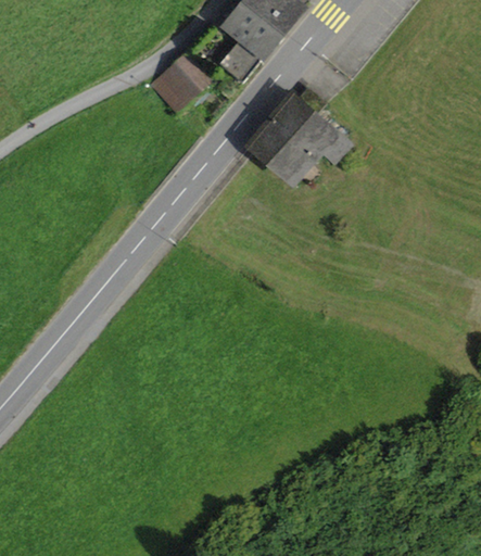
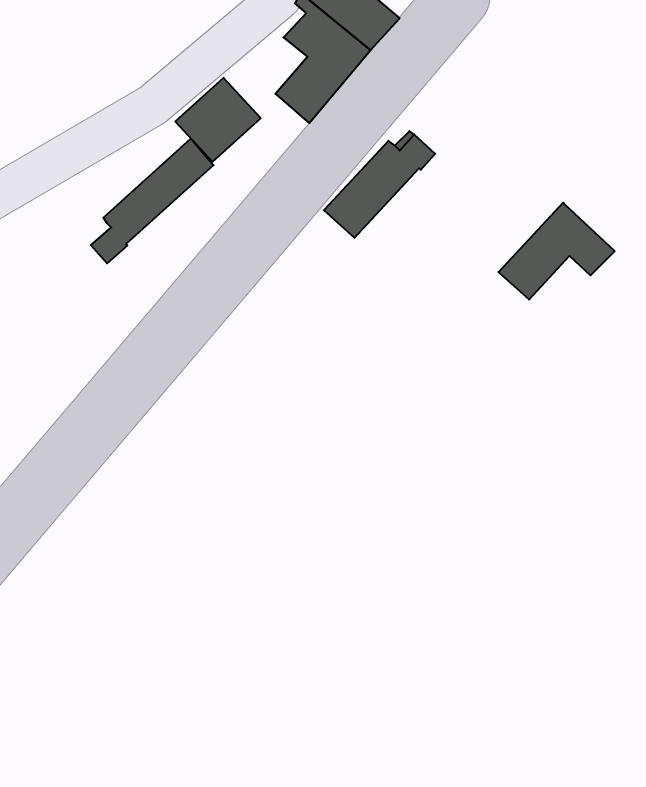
building: none -> [91,139,214,263]
building: [271,115,350,180] -> [498,203,615,300]

